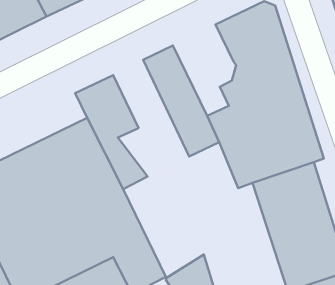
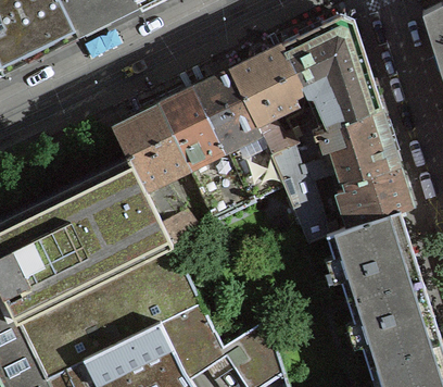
building: none -> [231,43,304,153]
building: none -> [160,86,251,219]

